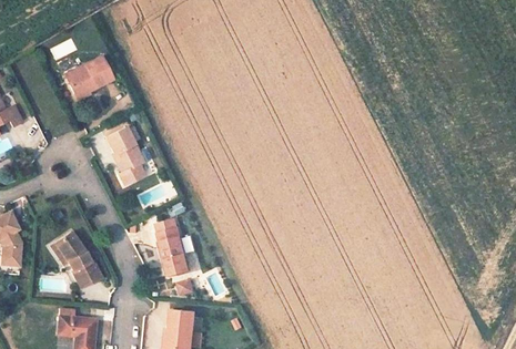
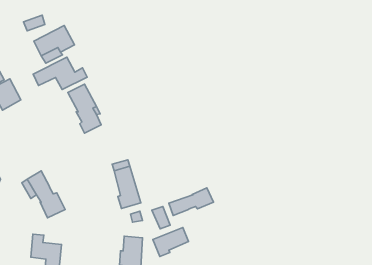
building: none -> [33,57,87,89]
building: none -> [169,188,213,216]
building: none -> [153,228,188,256]

